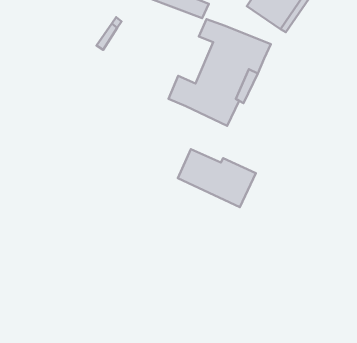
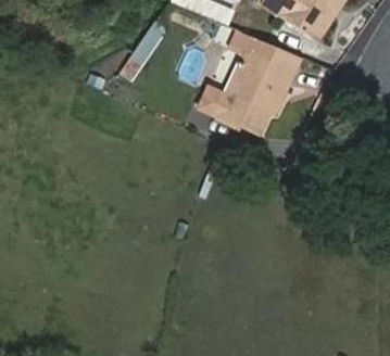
building: [178,149,256,207] -> none

